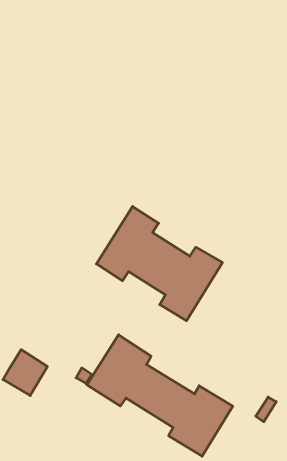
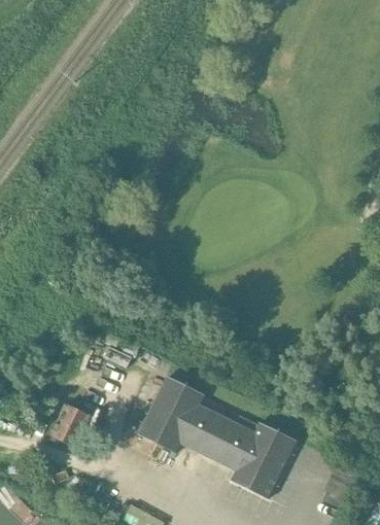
building: [96,206,222,321] -> none

